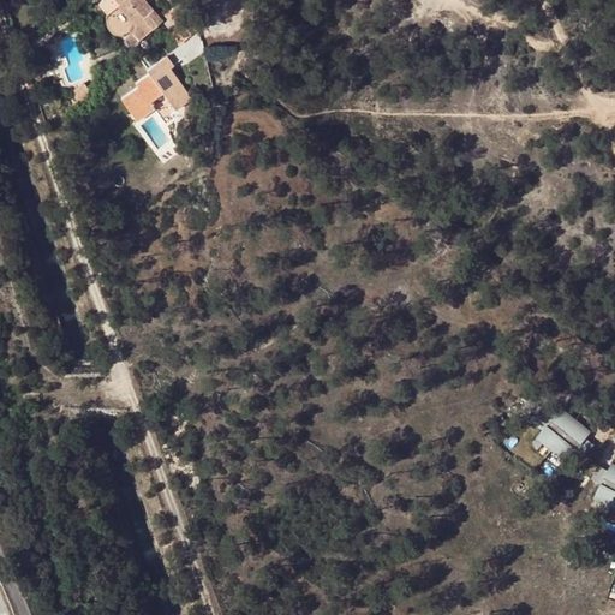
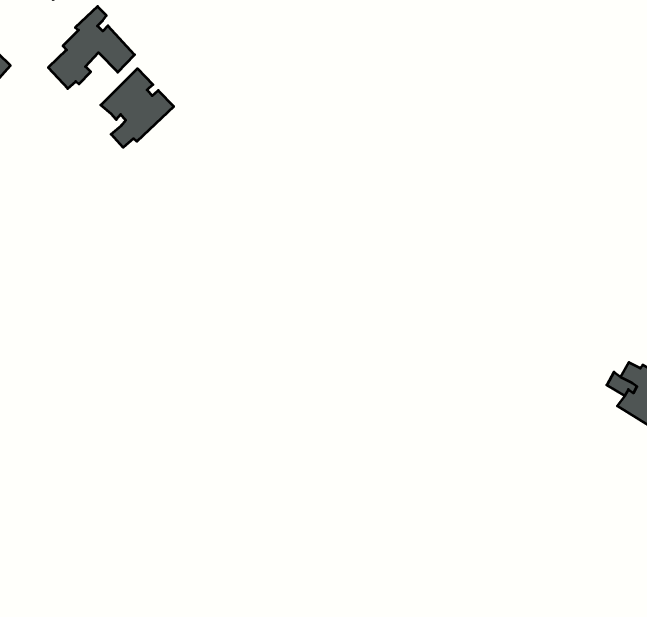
building: none -> [101,69,174,147]

